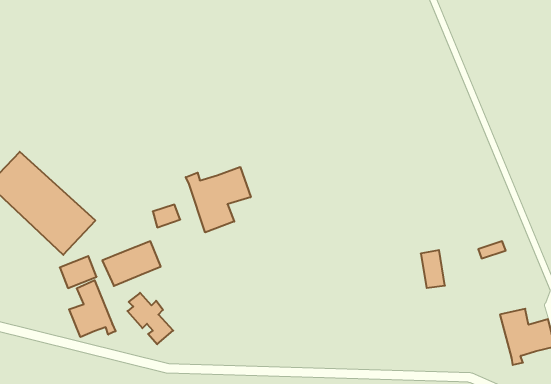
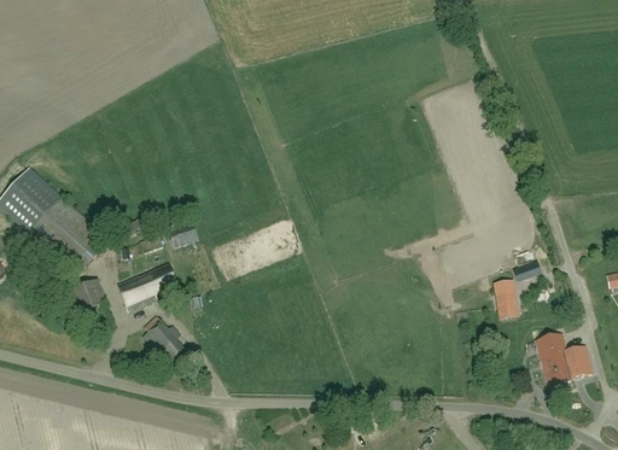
building: [186,167,251,232] -> none
building: [421,250,445,288] -> [494,279,519,318]
building: [69,280,116,337] -> none

